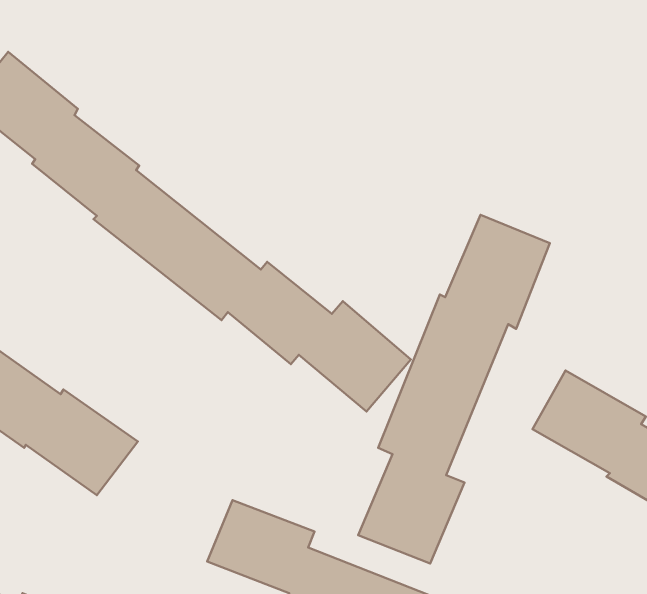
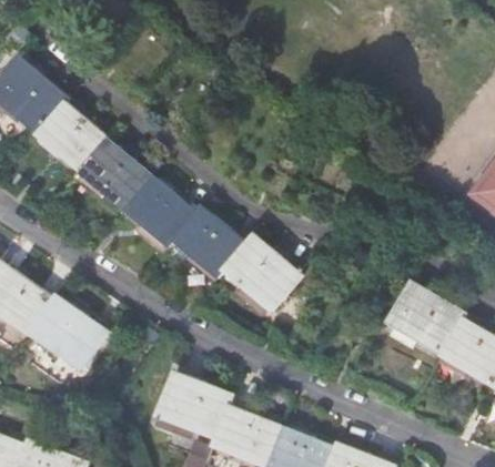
building: [358,215,550,564] -> none

